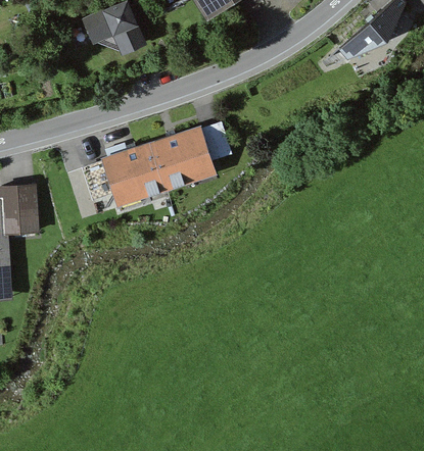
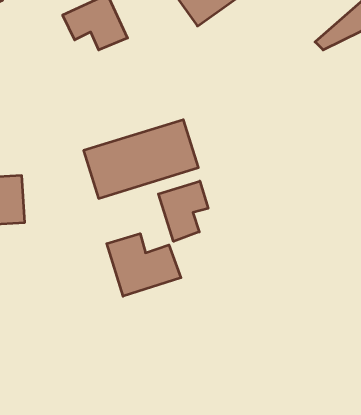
building: none -> [158,181,208,241]
building: none -> [107,234,181,296]

